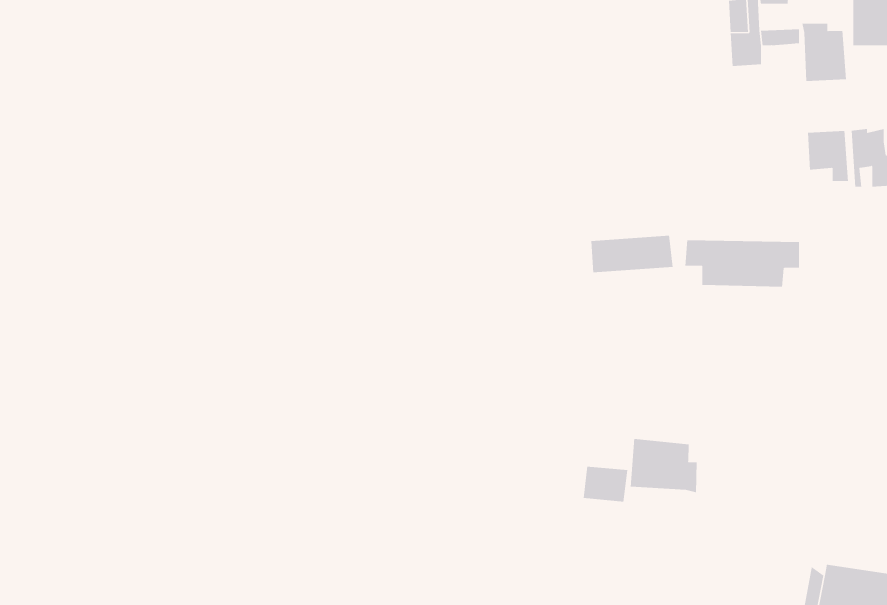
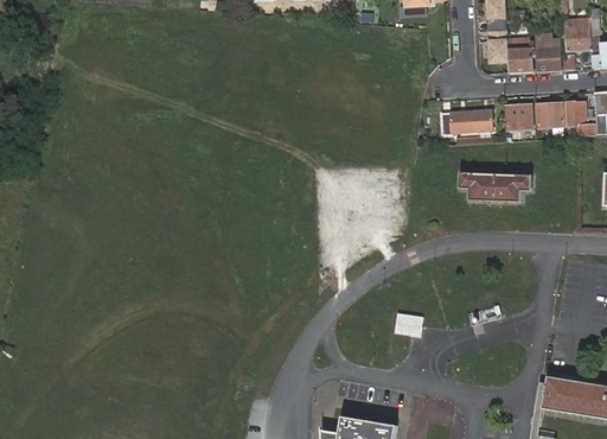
building: none -> [509,47,533,74]
building: none -> [505,104,532,129]
building: [591,235,674,273] -> [441,109,493,133]
building: [630,438,697,493] -> none

